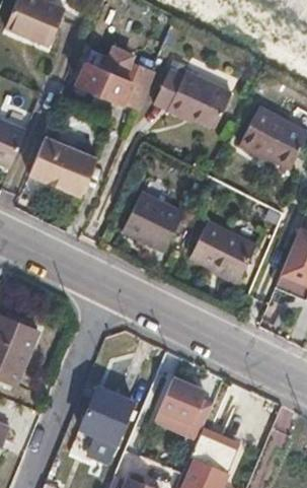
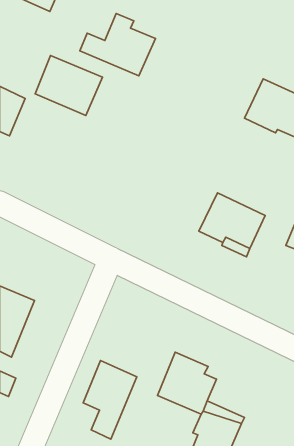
building: [156,66,233,130] -> none
building: [28,137,94,196] -> [35,56,102,116]
building: [126,193,186,254] -> none

